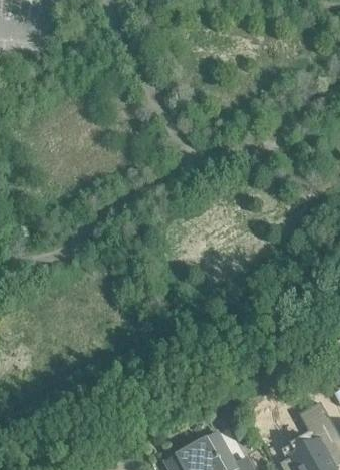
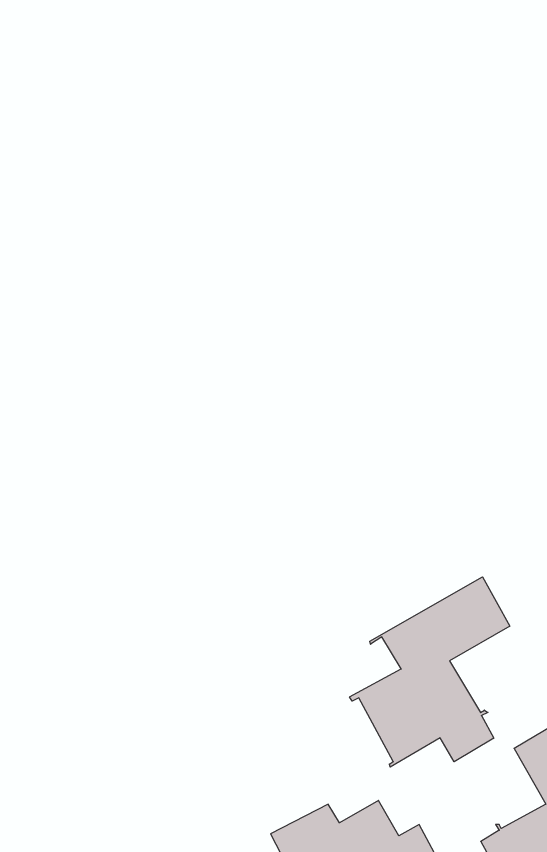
building: none -> [350,577,510,767]

